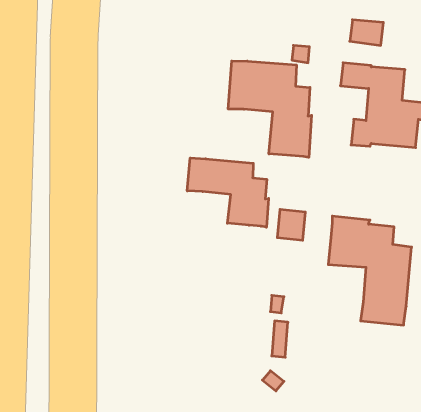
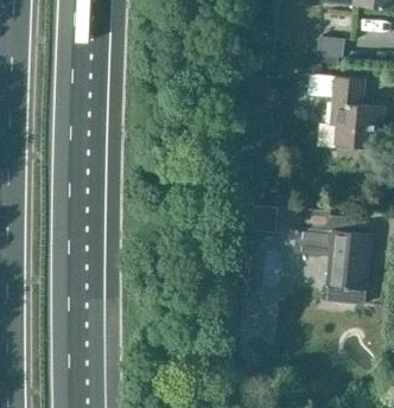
building: [228,61,312,157] -> none
building: [187,158,269,227] -> none

